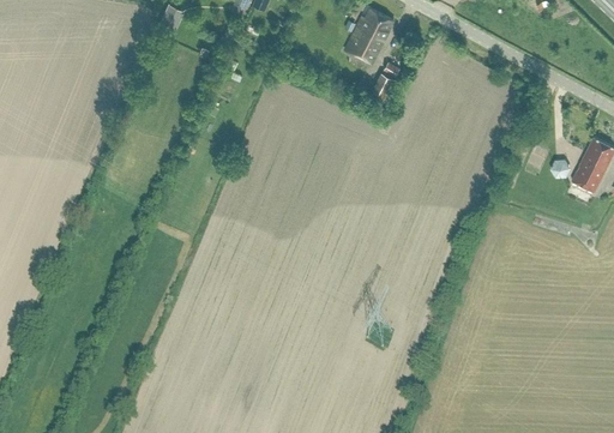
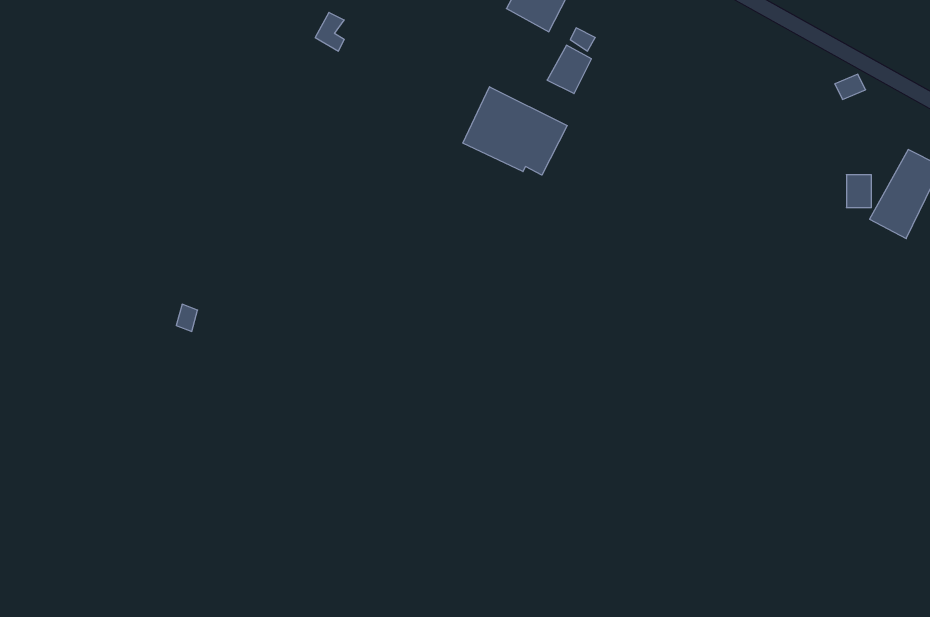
building: none -> [463,87,567,175]

